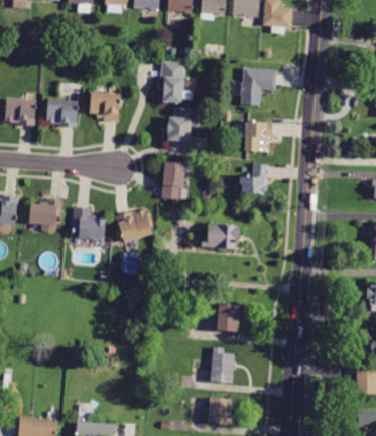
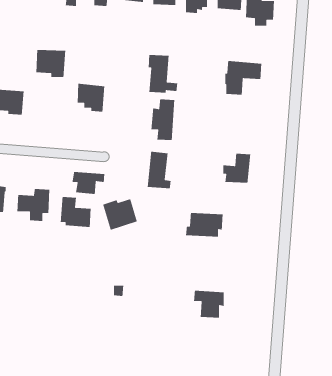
building: [46,99,78,128] -> [36,49,66,78]
building: [245,121,273,152] -> none
building: none -> [71,171,105,195]
building: [211,347,235,384] -> none

